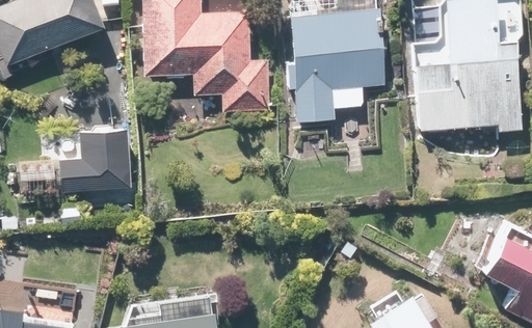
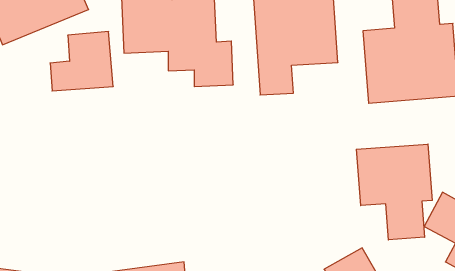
building: [60,127,131,193] -> [50,32,113,91]
building: none -> [356,144,432,240]

